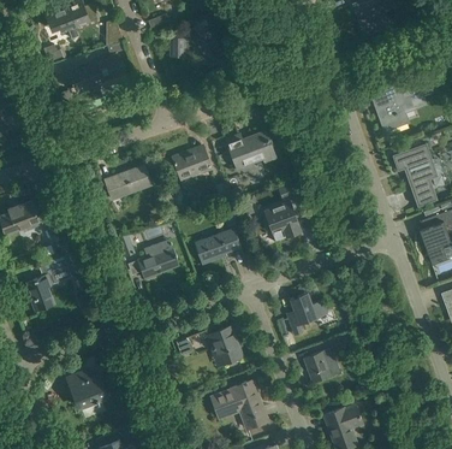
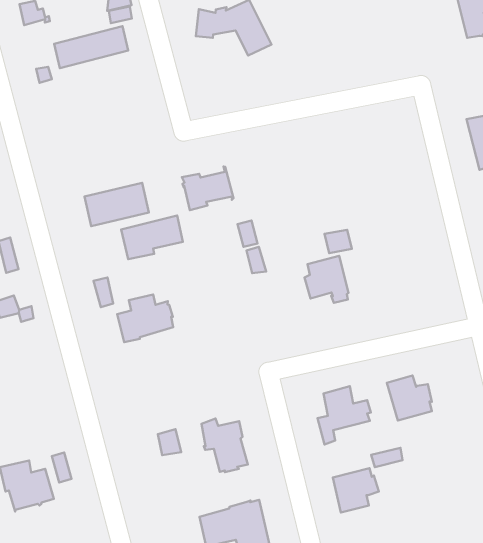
building: [226,132,274,167] -> none
building: [195,229,239,264] -> [121,216,183,259]
building: none -> [387,376,432,420]

